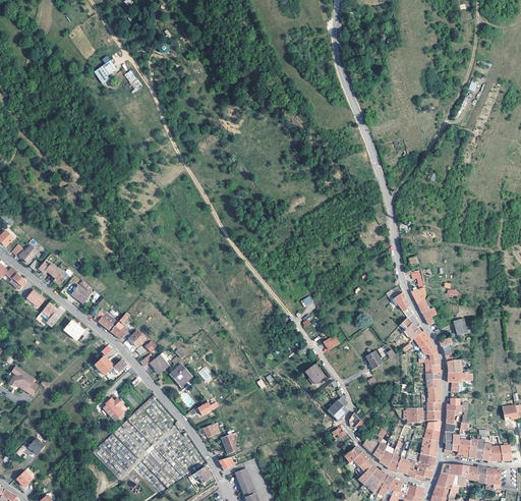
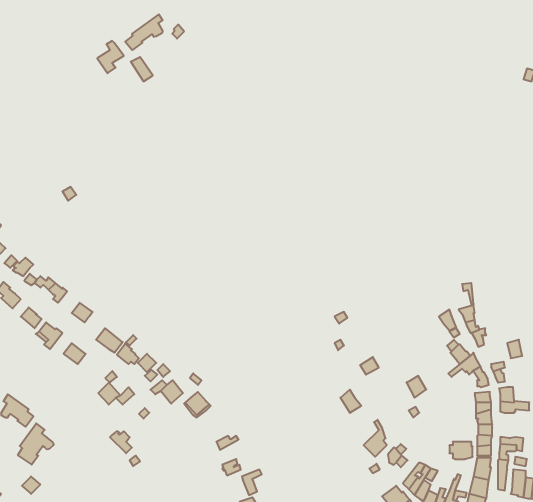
building: none -> [125,14,163,50]
building: none -> [18,423,54,465]

